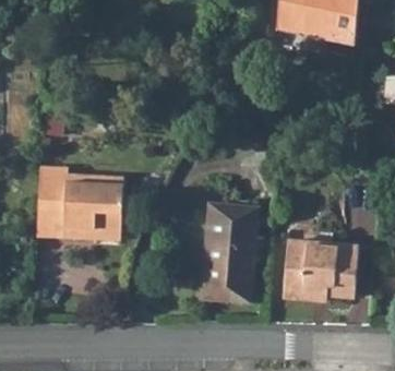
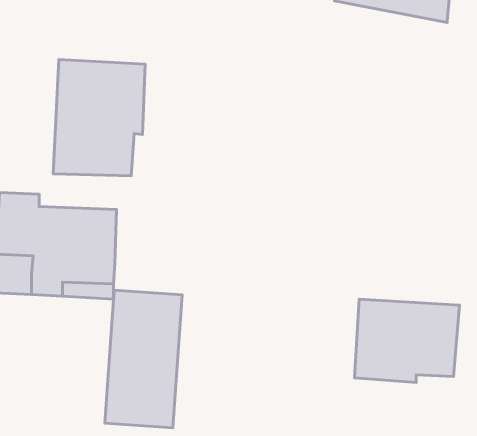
building: none -> [53,60,145,176]
building: [205,208,260,306] -> [105,290,182,428]

